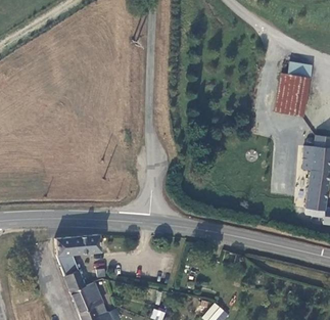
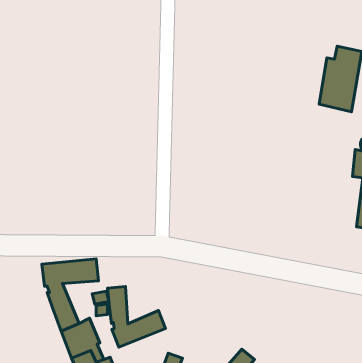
building: none -> [107,286,165,347]

